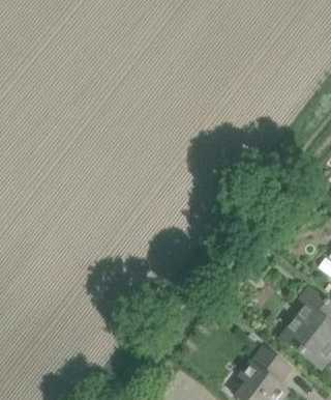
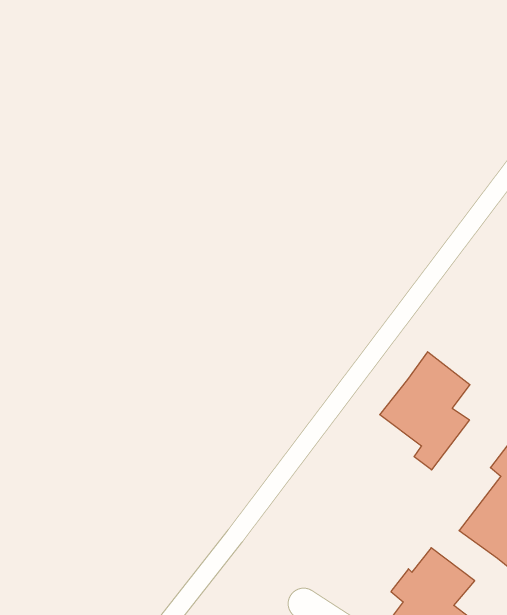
building: none -> [380,352,470,470]

